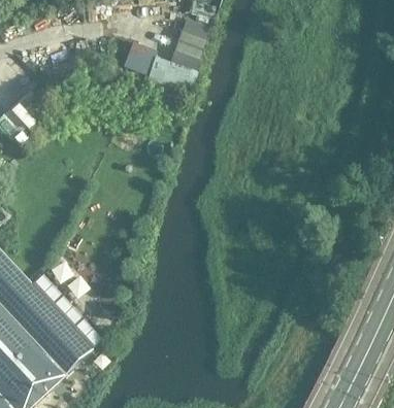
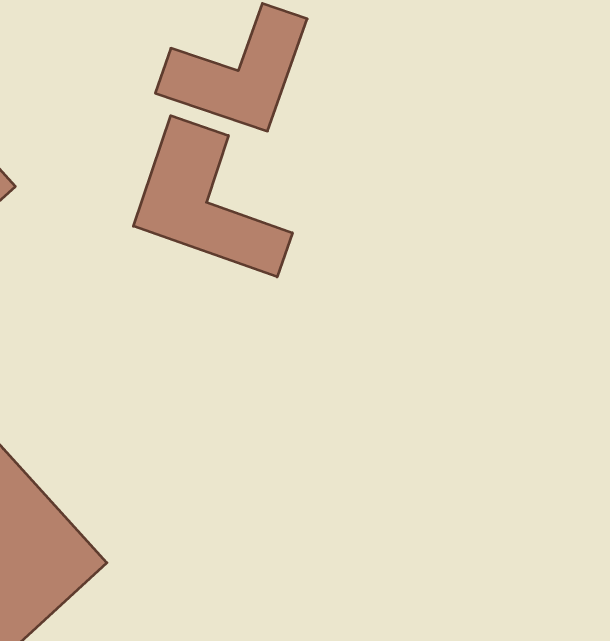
building: none -> [133,116,292,277]

